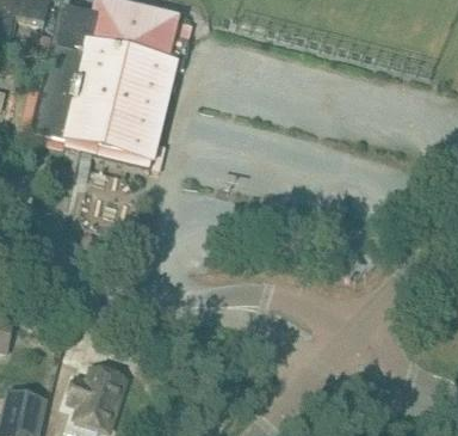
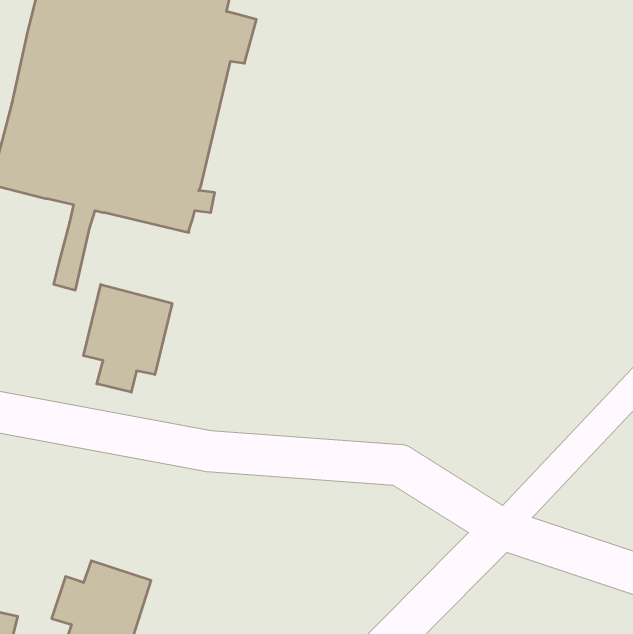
building: none -> [83,284,172,392]

